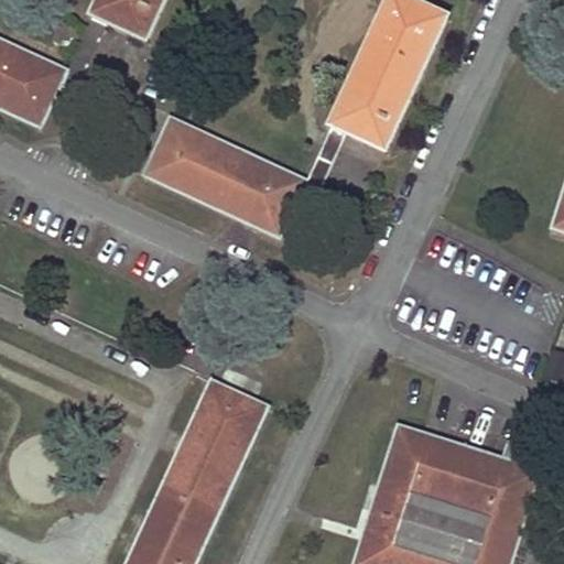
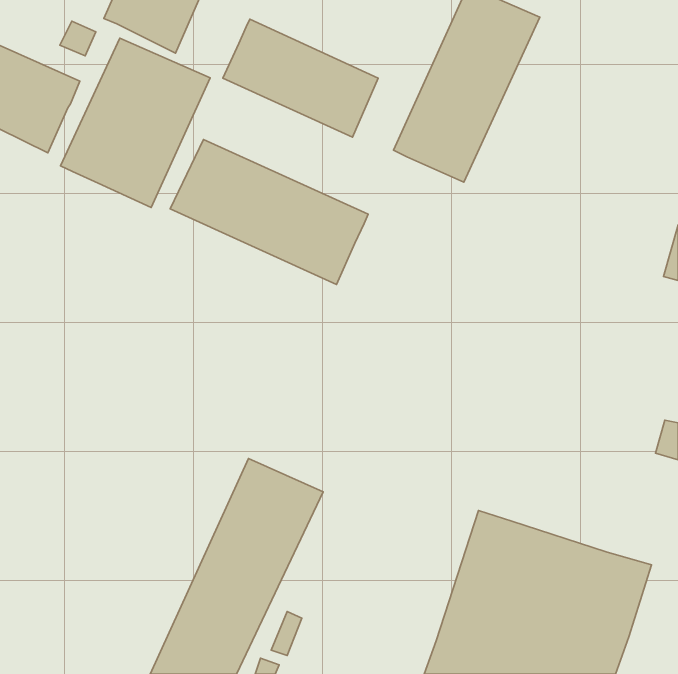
building: none -> [223,19,378,137]
building: none -> [61,38,210,207]

